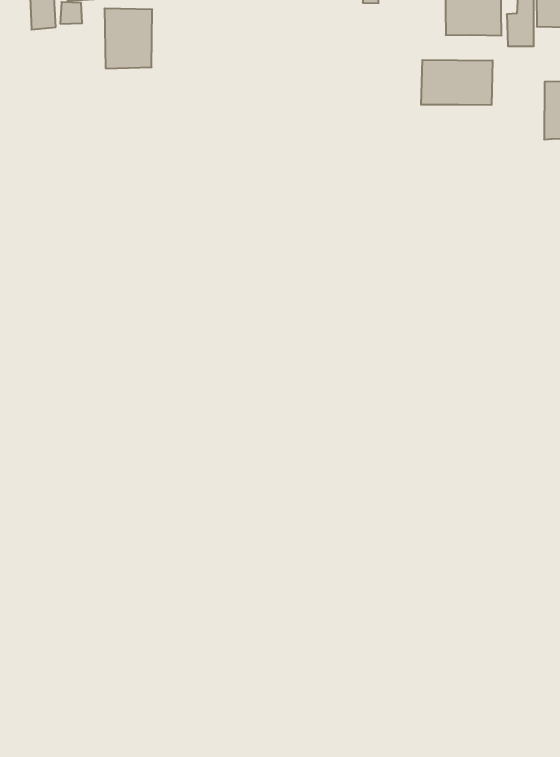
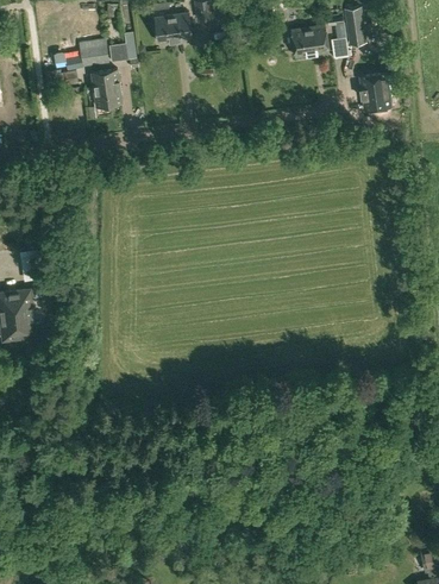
building: [421,60,493,105] -> none

